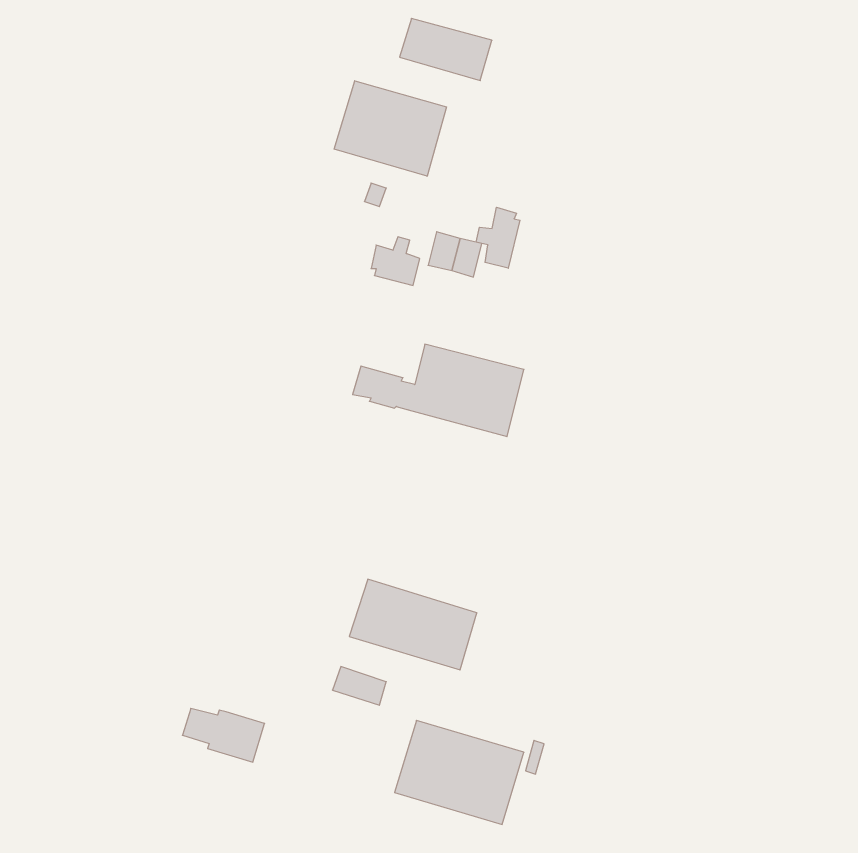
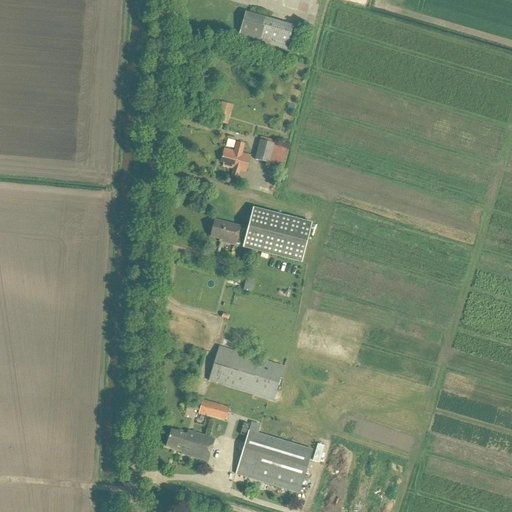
building: [334,81,446,176] -> none
building: [476,207,520,268] -> none
building: [182,708,265,762] -> [166,428,215,460]

